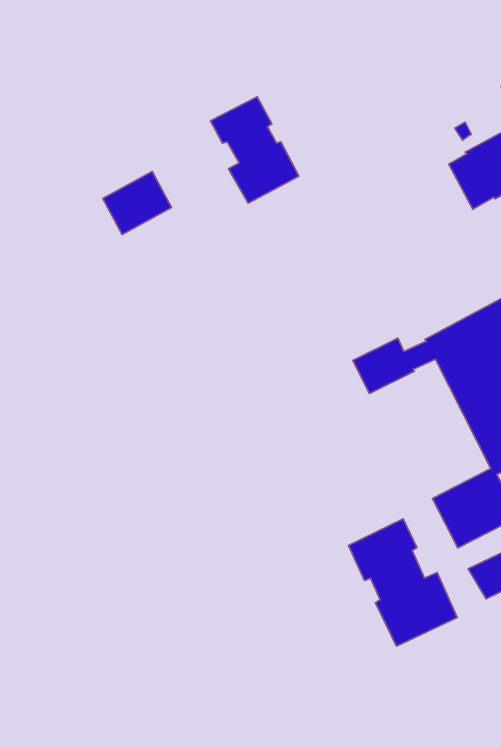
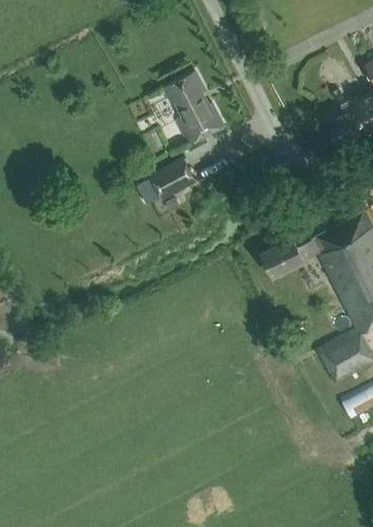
building: [103,171,172,234] -> [148,156,196,200]
building: [349,519,457,646] -> none

